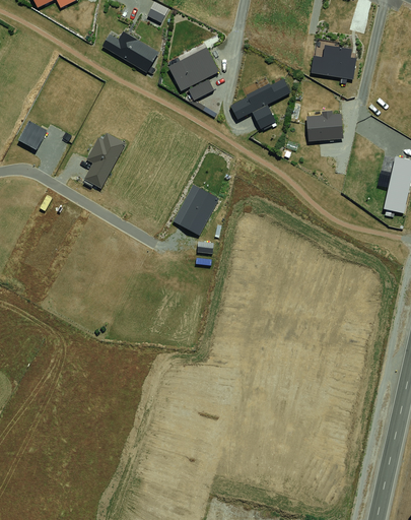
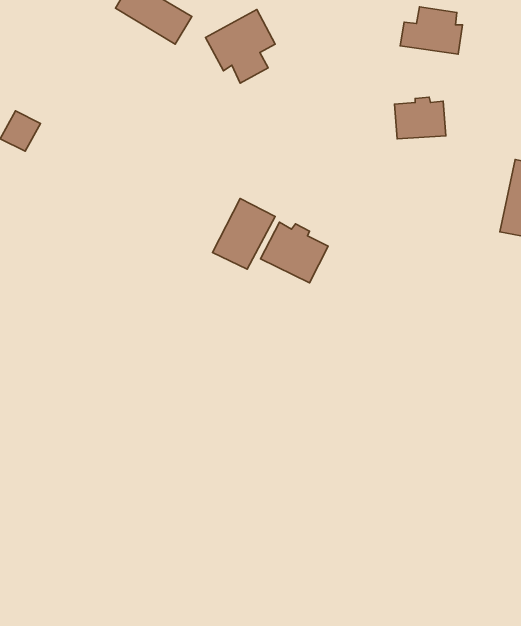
building: [229,78,290,129] -> none
building: [84,132,126,190] -> none
building: none -> [260,222,328,283]

